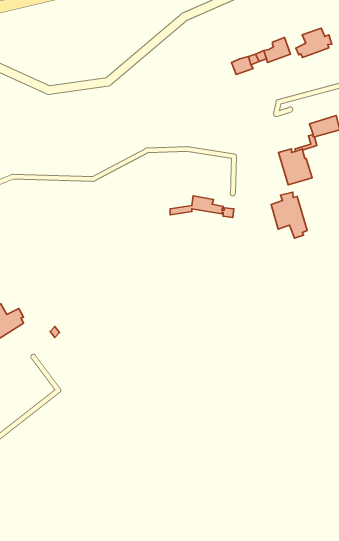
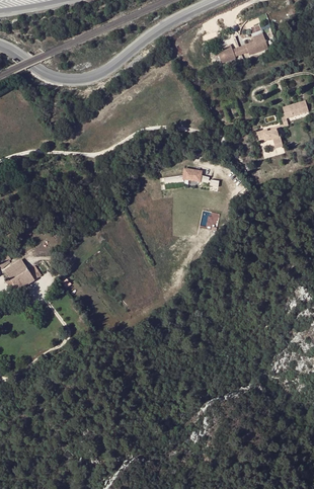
building: [296,28,332,57] -> none
building: [271,192,307,238] -> none

